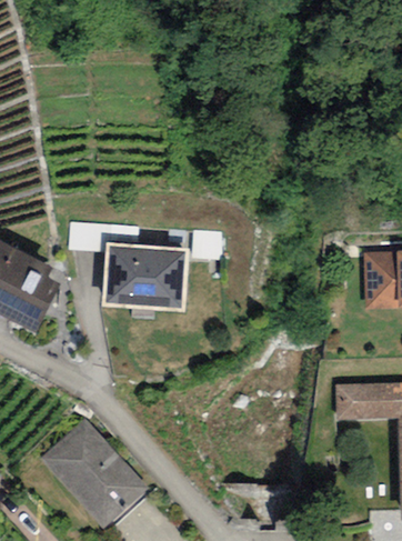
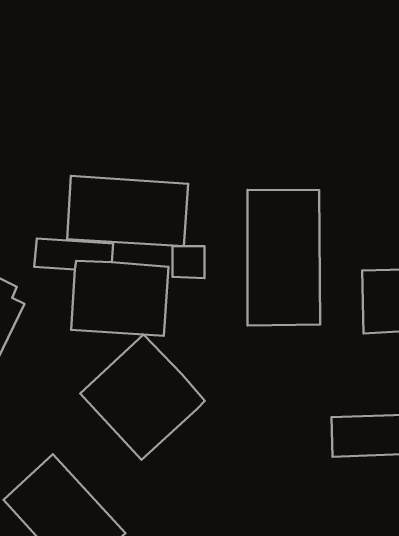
building: none -> [67,176,188,246]
building: none -> [248,190,320,325]
building: none -> [80,335,205,460]

